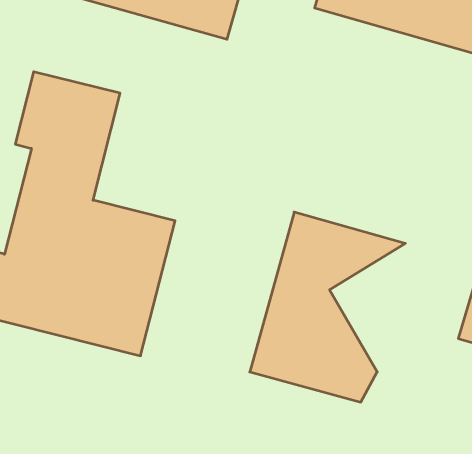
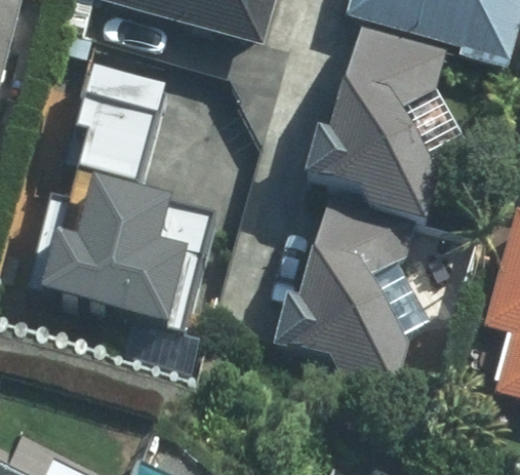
building: none -> [321,31,469,215]

